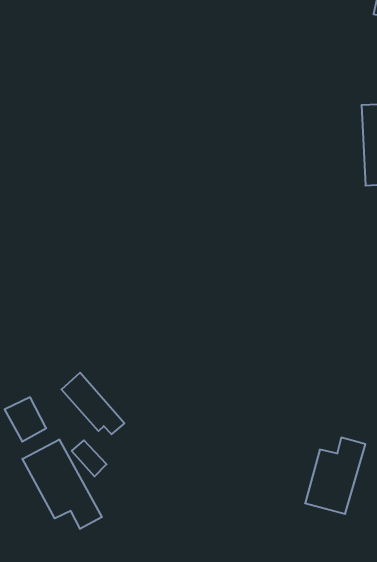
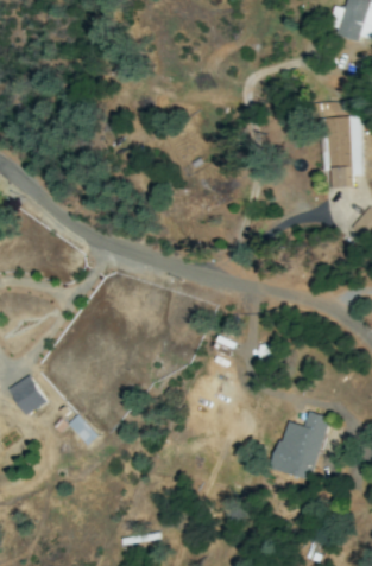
building: [61,373,124,434] -> none
building: [22,439,102,529] -> none

